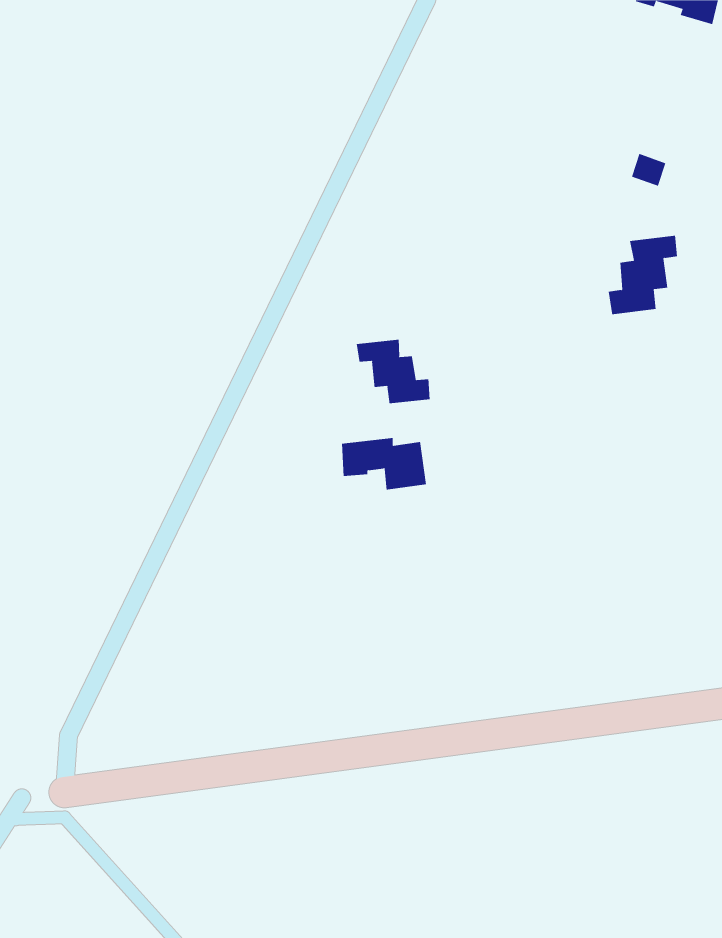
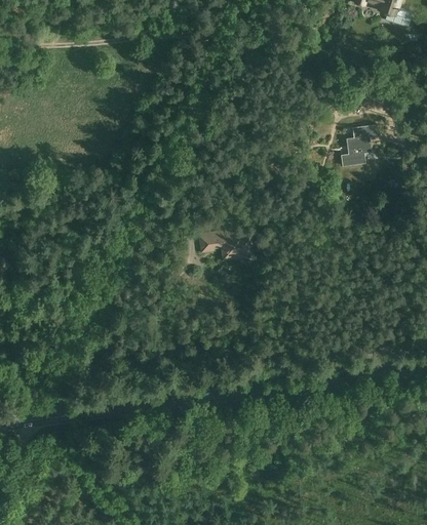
building: [356,339,430,404] -> none

